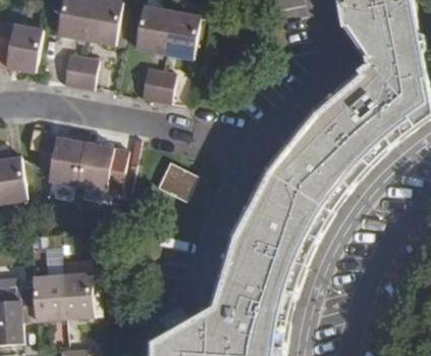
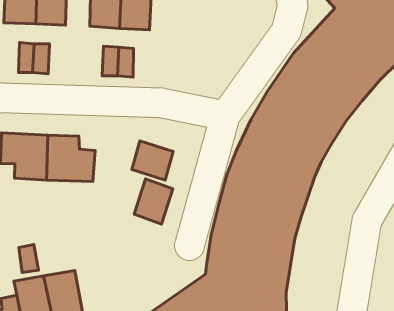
building: none -> [134,179,173,224]

